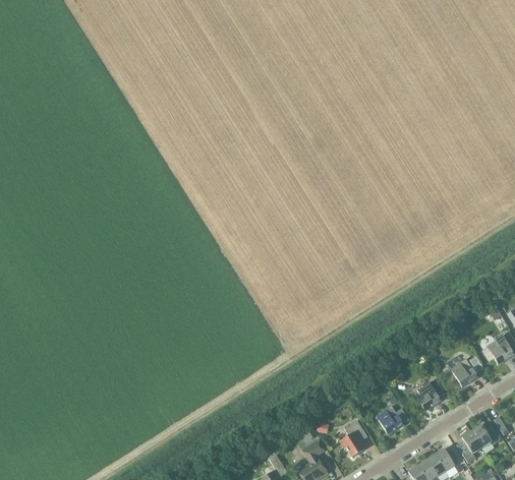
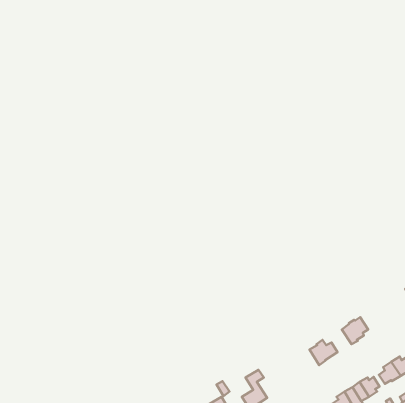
building: [451,358,477,386] -> none
building: [340,419,365,456] -> none

